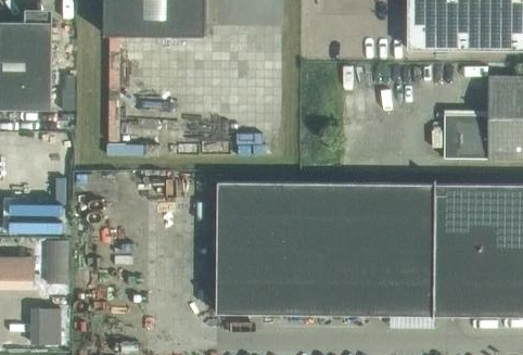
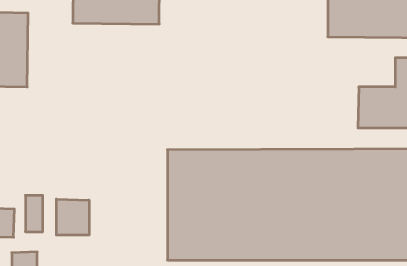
building: none -> [56,199,89,235]

